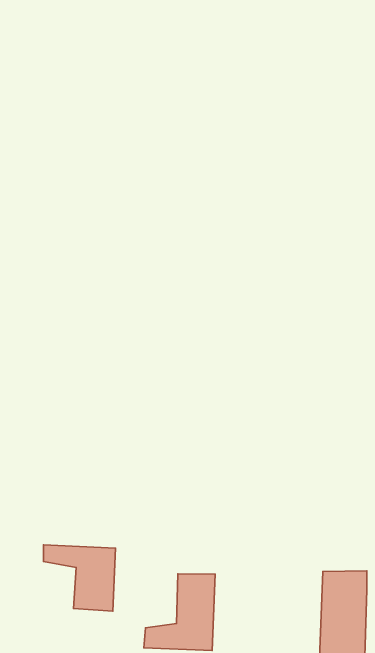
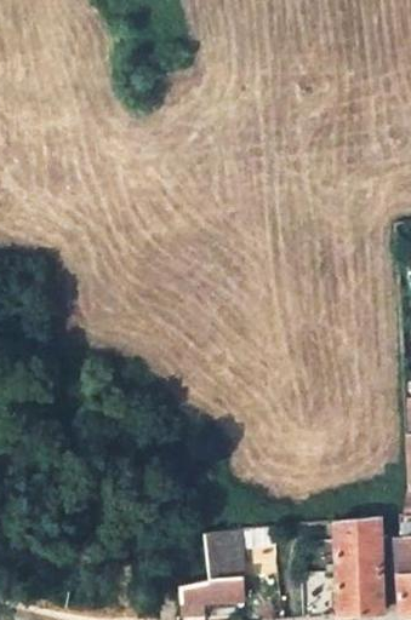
building: [44,545,115,611] -> none

